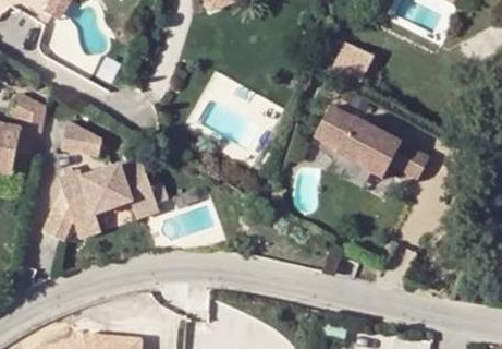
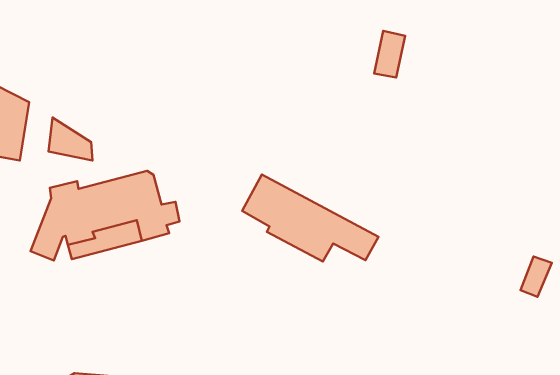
building: [314,104,428,177] -> [242,175,378,262]

